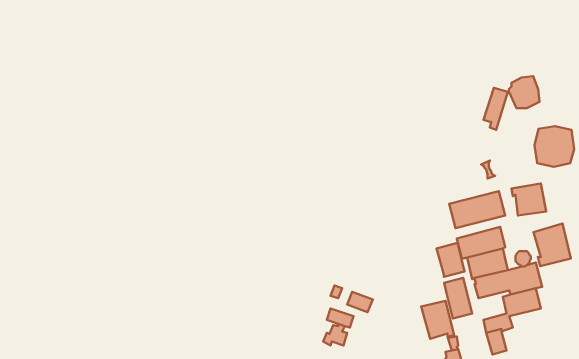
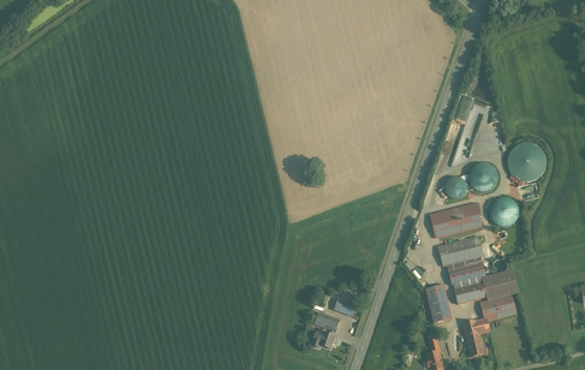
building: [509,76,540,108] -> [470,160,499,190]
building: [533,223,571,266] -> none
building: [437,243,465,277] -> none
building: [421,301,454,339] -> none

